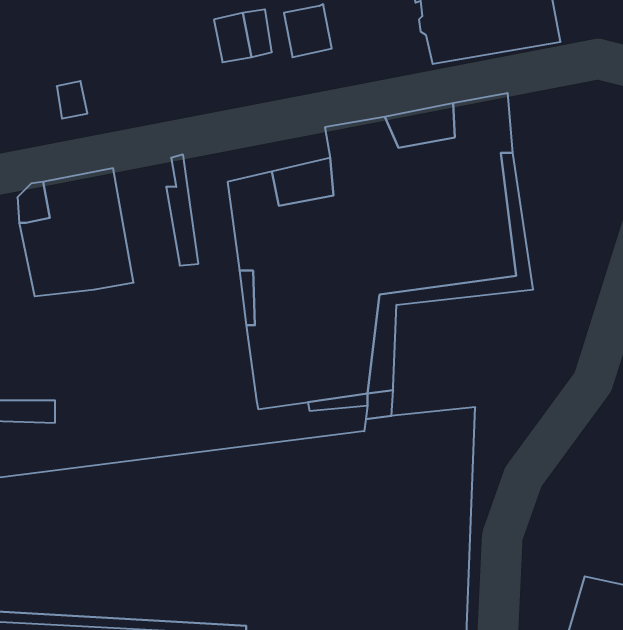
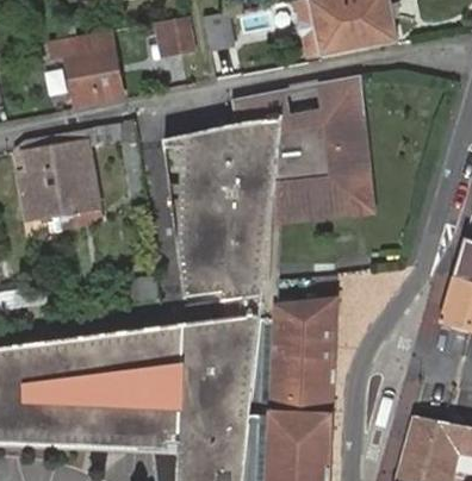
building: none -> [49,33,122,105]

